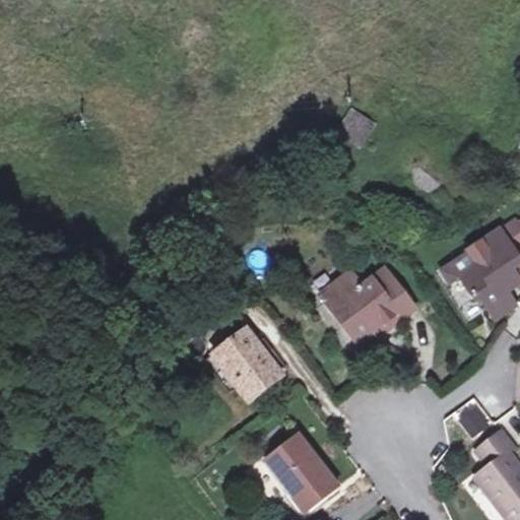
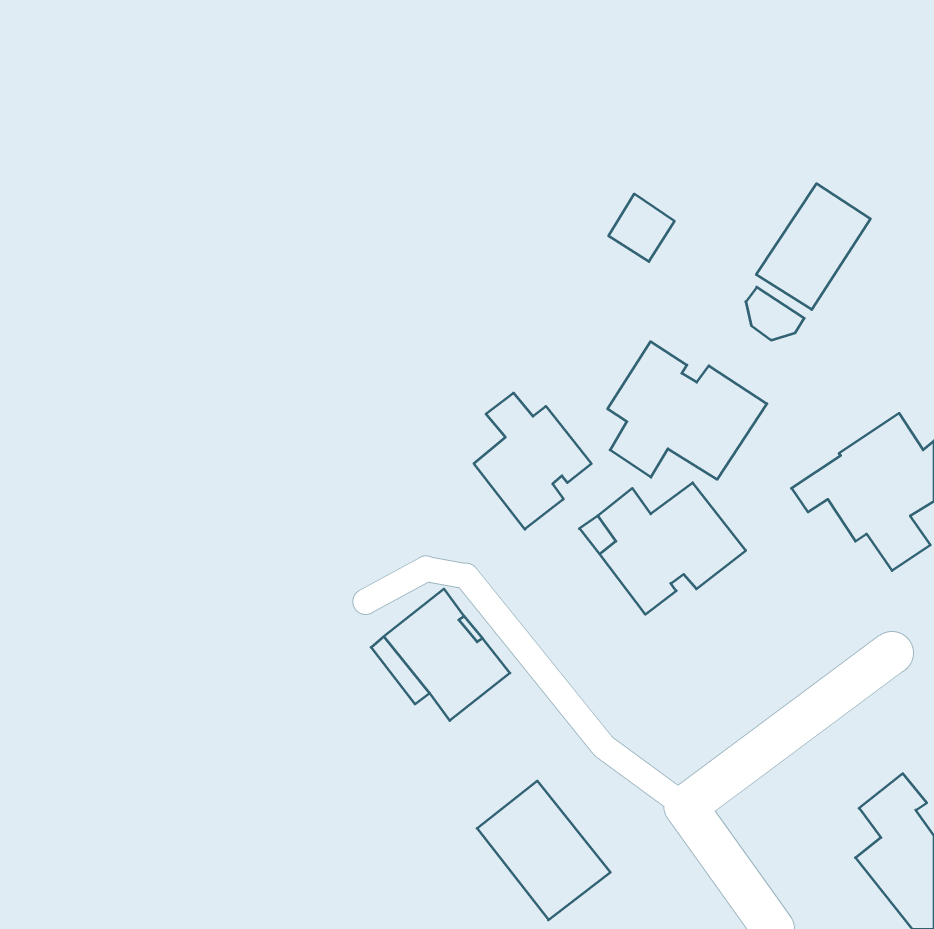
building: none -> [756,184,870,310]
building: none -> [608,342,767,479]
building: none -> [474,393,591,529]

